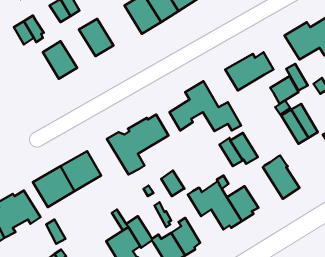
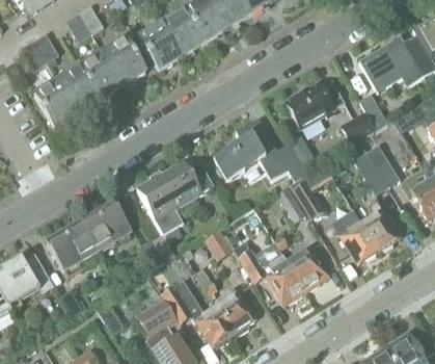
building: none -> [138,21,181,70]
building: none -> [79,51,123,99]
building: none -> [33,79,77,127]
building: none -> [360,201,401,249]

